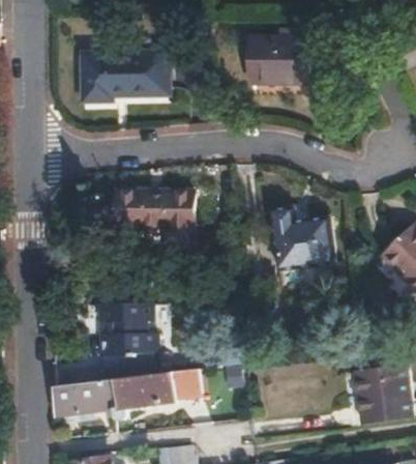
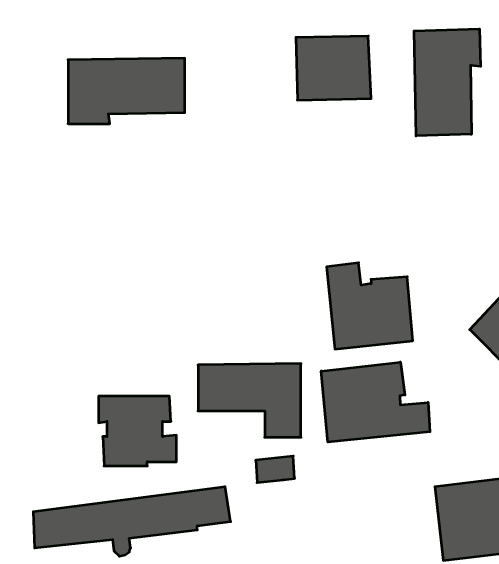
building: none -> [414,29,481,136]
building: [117,190,194,244] -> [198,364,301,437]
building: none -> [321,362,430,442]

